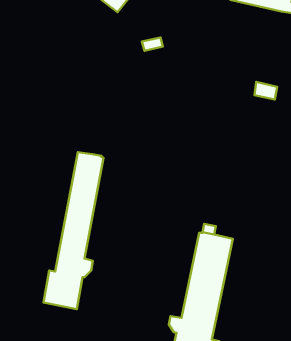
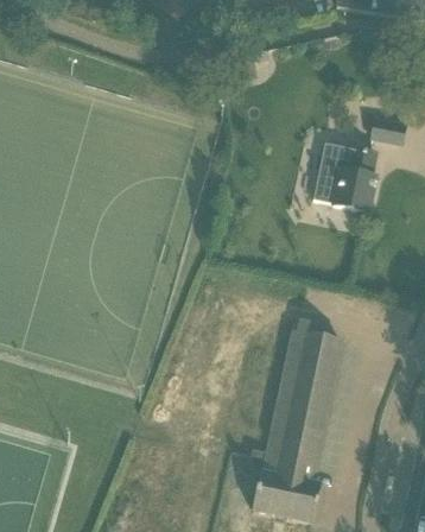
building: none -> [316,144,376,211]
building: [43,152,104,309] -> none

